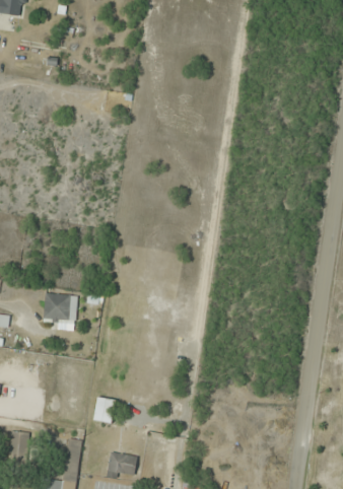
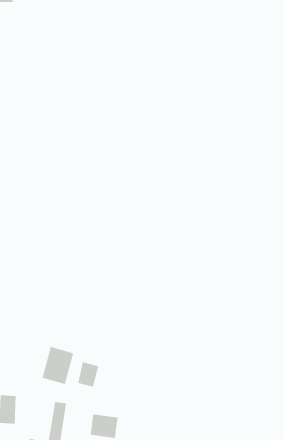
building: [44,293,77,323] -> none
building: none -> [42,346,74,385]

